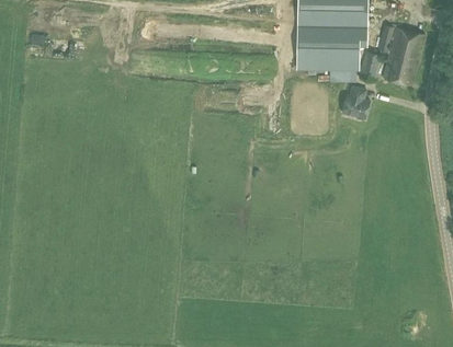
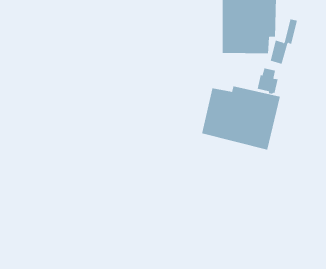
building: [382,27,423,84] -> none
building: none -> [201,85,280,150]

